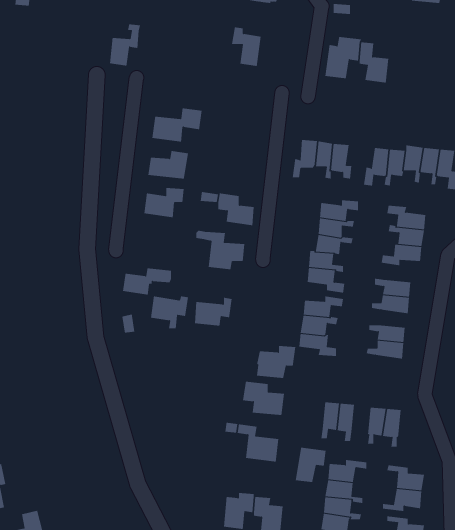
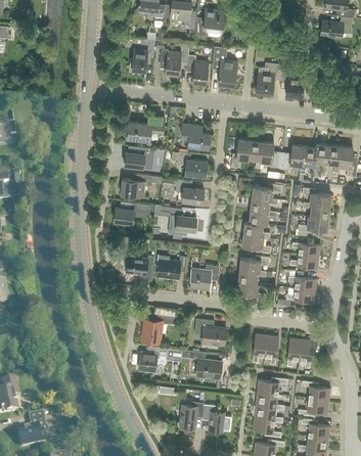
building: none -> [213,46,238,85]
building: none -> [160,47,189,75]
building: [109,24,141,66] -> [132,39,155,71]
building: none -> [182,123,211,148]
building: none -> [177,151,208,176]
building: [122,268,172,295] -> [114,202,150,223]
building: [256,345,296,378] -> [189,264,219,288]
building: none -> [142,313,177,341]
building: none -> [139,346,168,371]
building: [295,447,326,483] -> none

